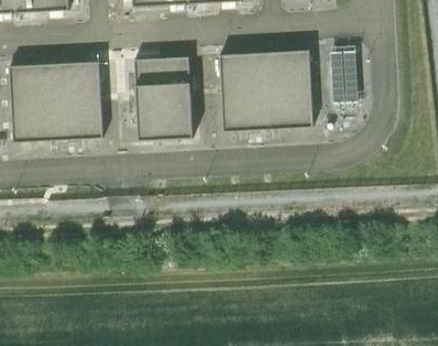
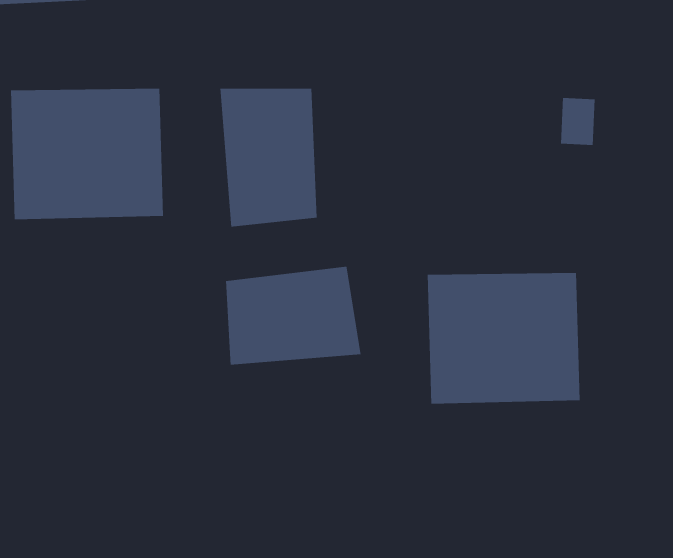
building: [219,52,310,130] -> [427,273,581,404]
building: none -> [226,266,361,365]

